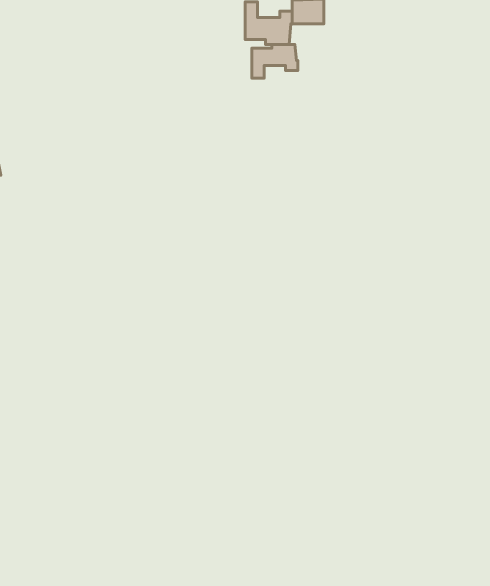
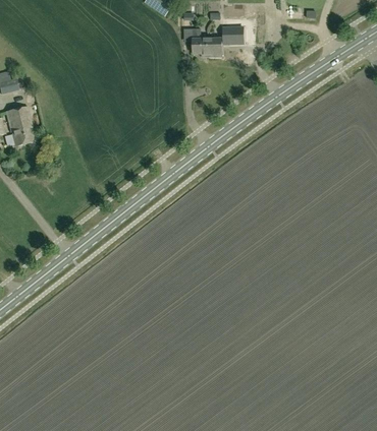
building: [252,44,298,78] -> none

